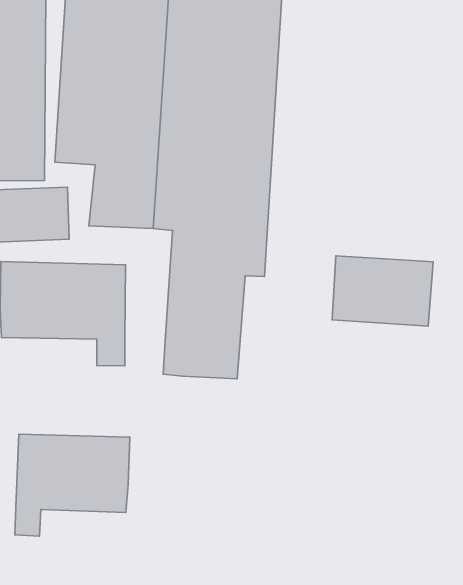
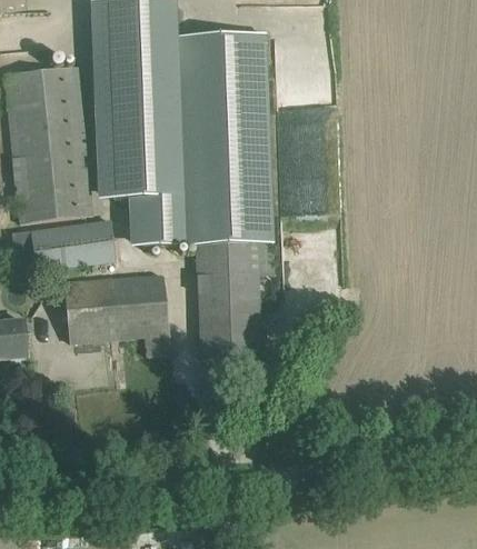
building: [332,256,433,326] -> none
building: [15,434,130,536] -> none

